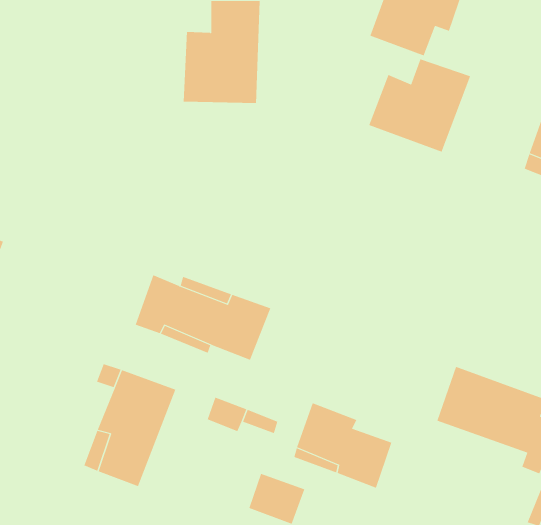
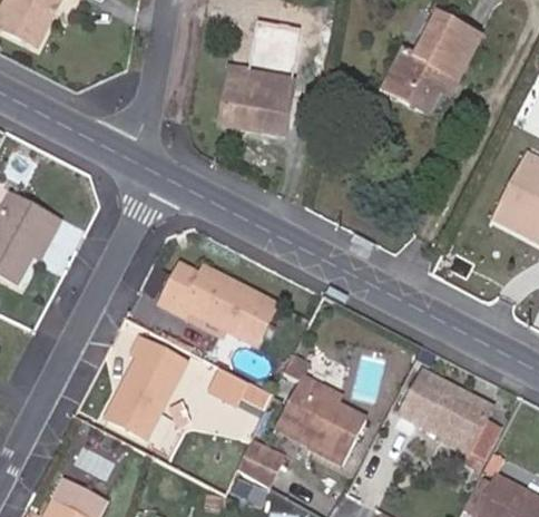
building: [368,58,471,153] -> none

